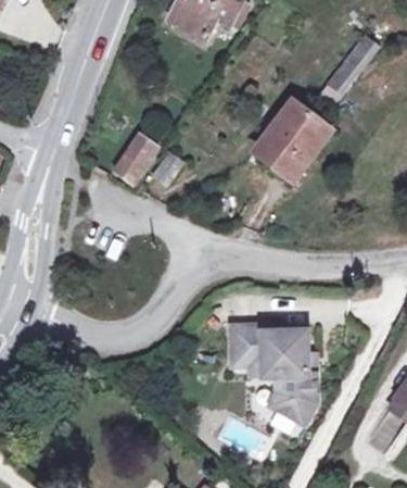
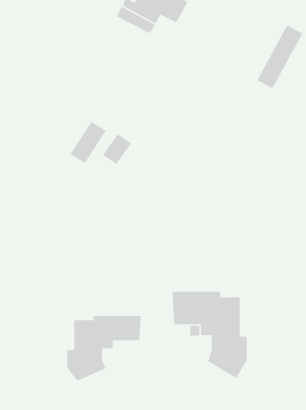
building: [253,103,326,180] -> none
building: none -> [67,315,142,382]

